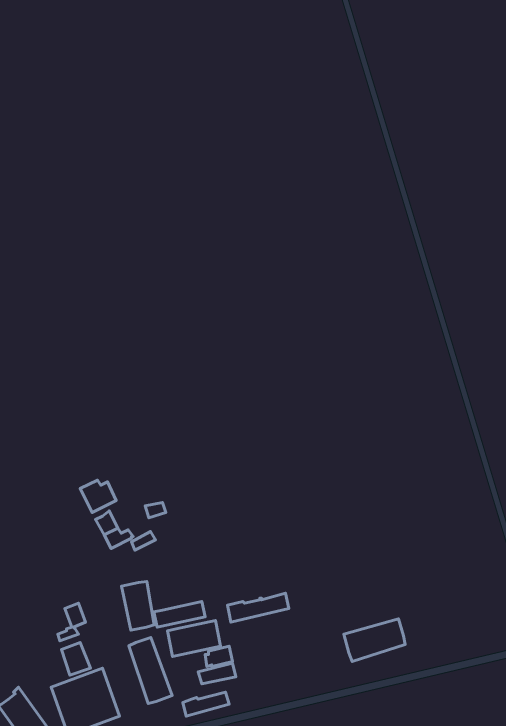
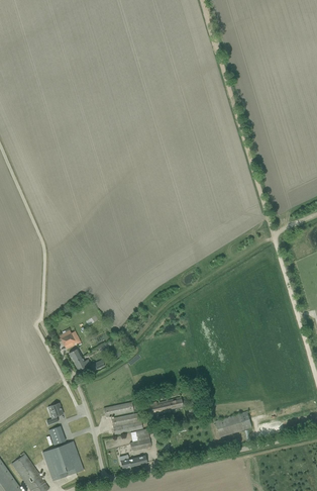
building: [121,581,154,630] -> none
building: [129,637,172,703] -> none

